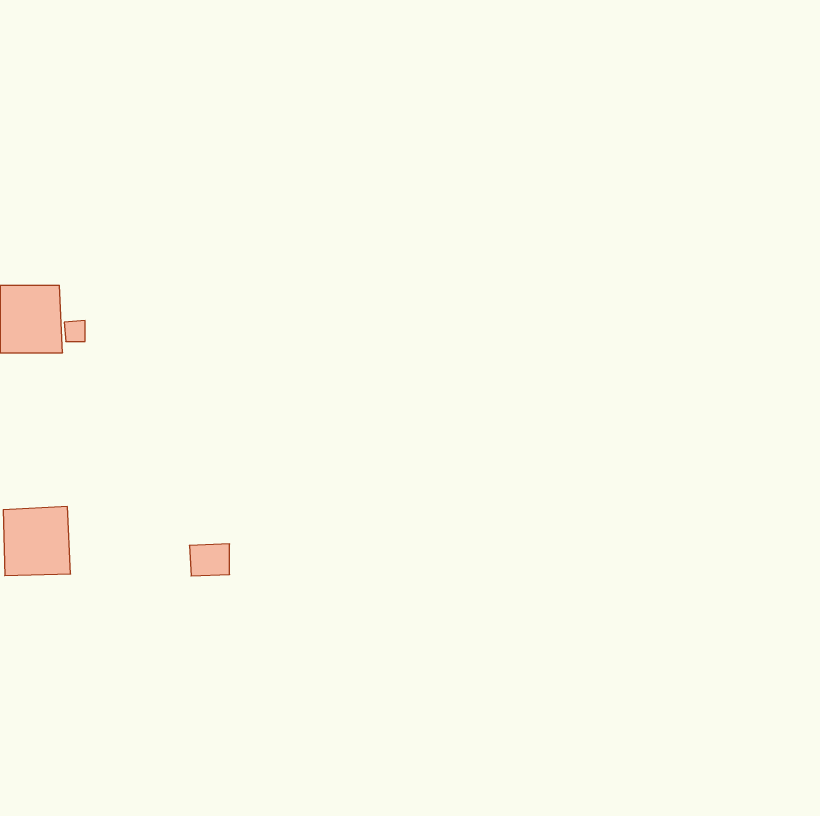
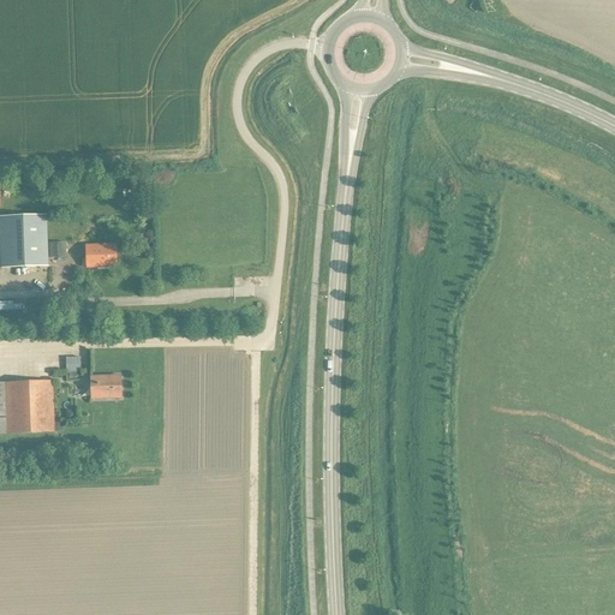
building: none -> [84,243,115,265]
building: [189,544,230,576] -> [89,374,119,398]

